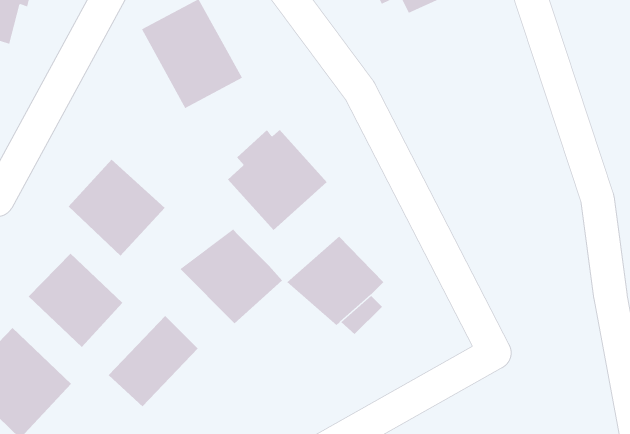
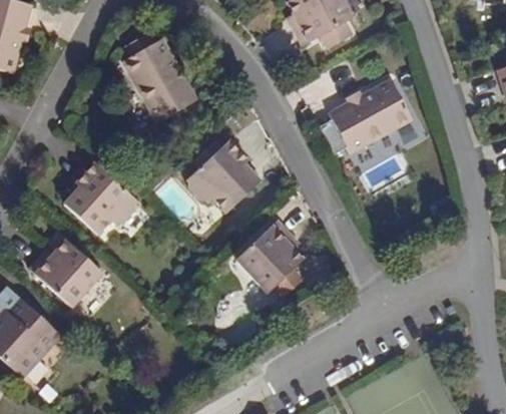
building: none -> [326,76,414,155]
building: [180,228,283,324] -> none
building: [108,315,198,407] -> none

